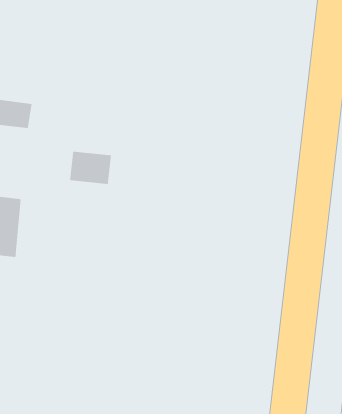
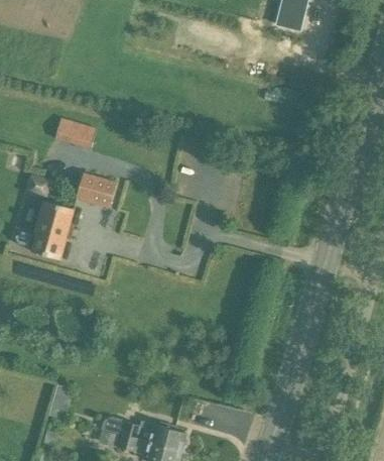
building: [69,151,112,185] -> [76,174,116,208]

